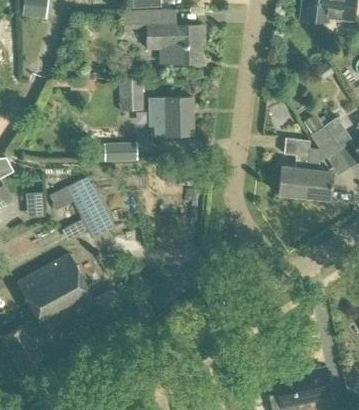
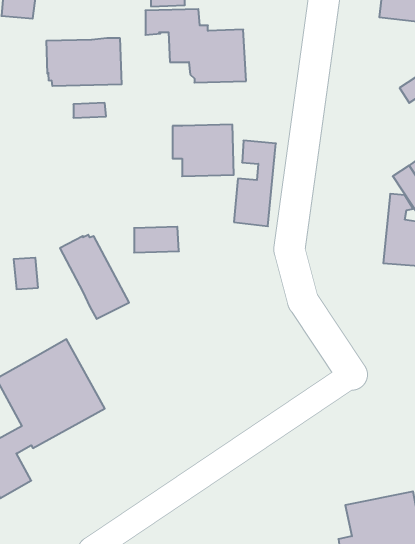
building: none -> [47,38,122,86]
building: [118,78,143,110] -> none
building: [278,135,309,198] -> [234,141,276,226]
building: [104,141,137,160] -> [134,227,179,253]

